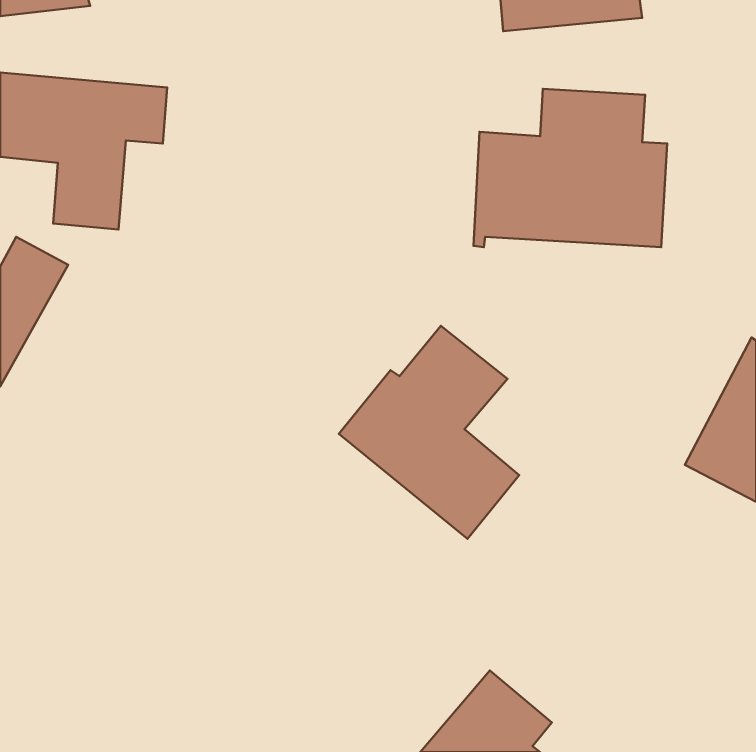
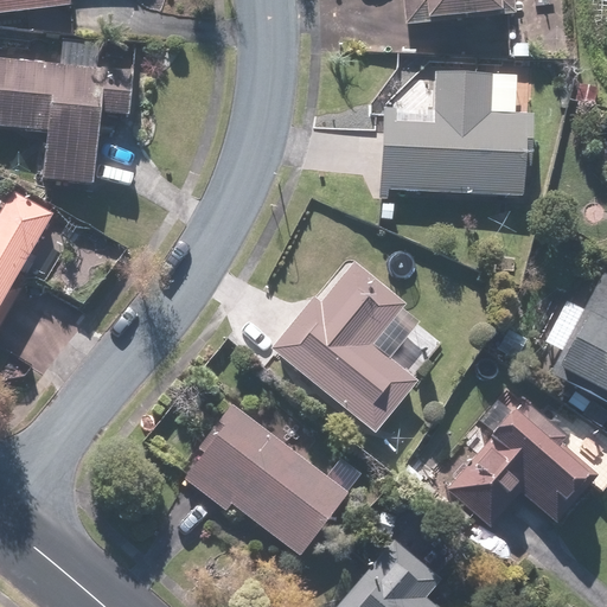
building: none -> [446,400,596,525]
building: none -> [185,403,349,554]

